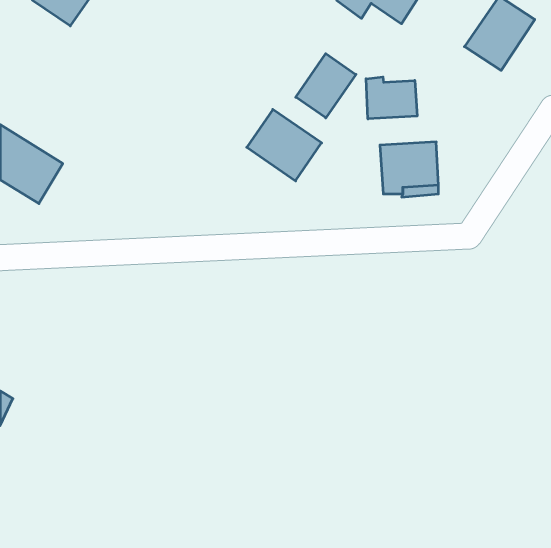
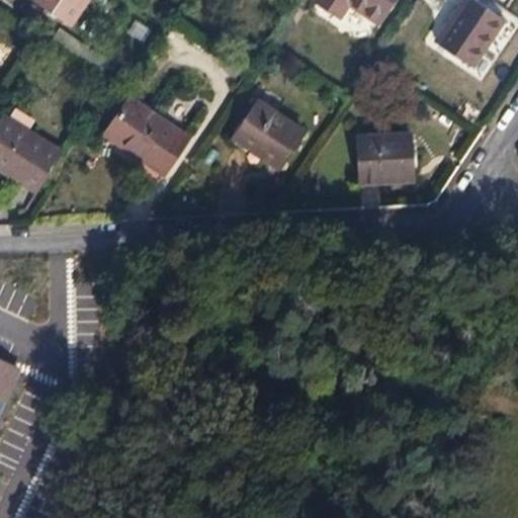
building: [296,54,356,118] -> none
building: [366,77,417,119] -> none
building: none -> [105,99,187,173]

